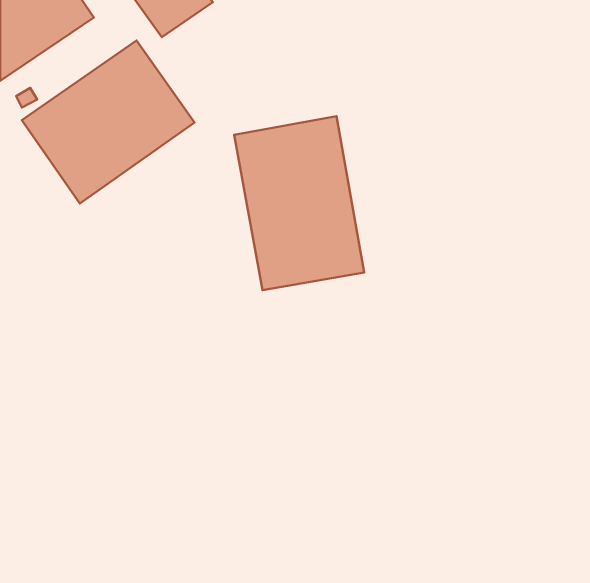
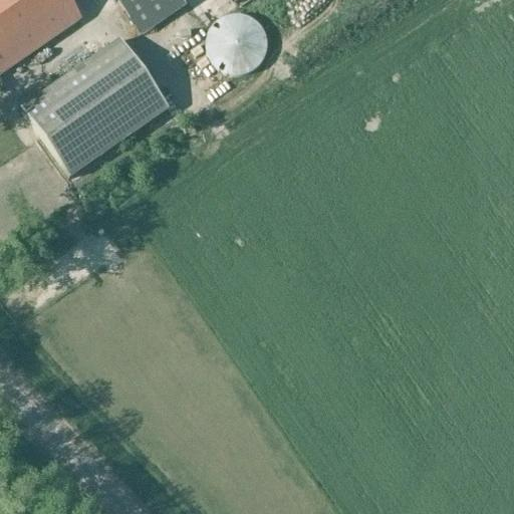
building: none -> [207,11,267,72]
building: [234,116,364,290] -> none

